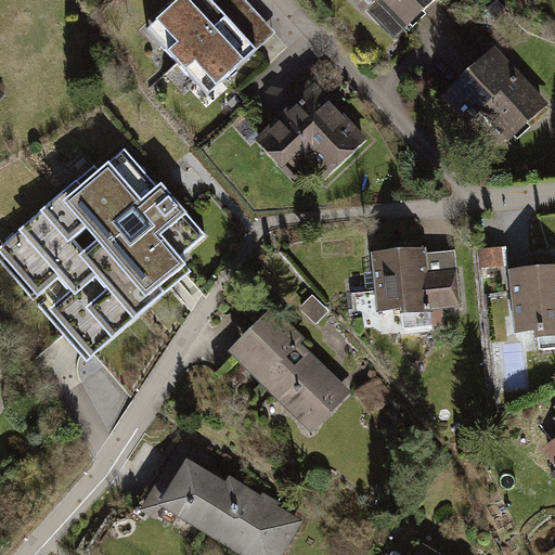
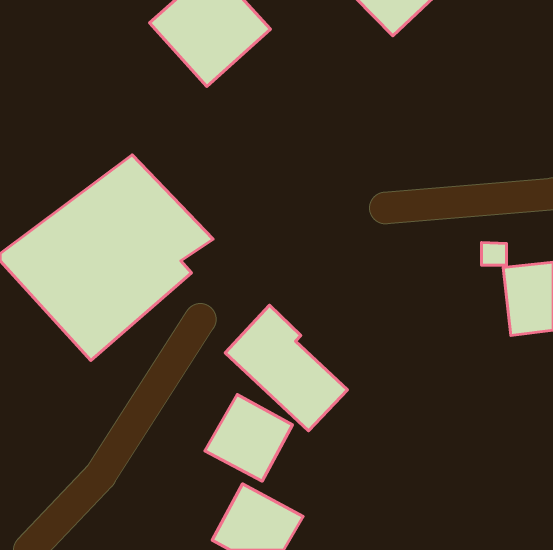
building: [444,49,546,137] -> none
building: [259,87,364,175] -> none
building: [366,243,453,310] -> none
building: [155,454,243,541] -> [205,394,292,481]

